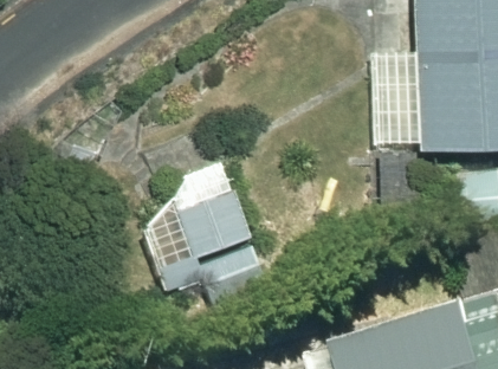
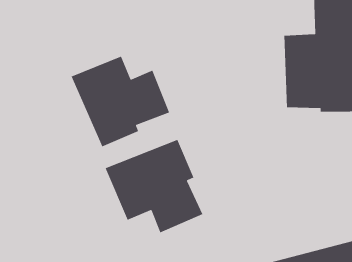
building: none -> [70,56,170,147]

